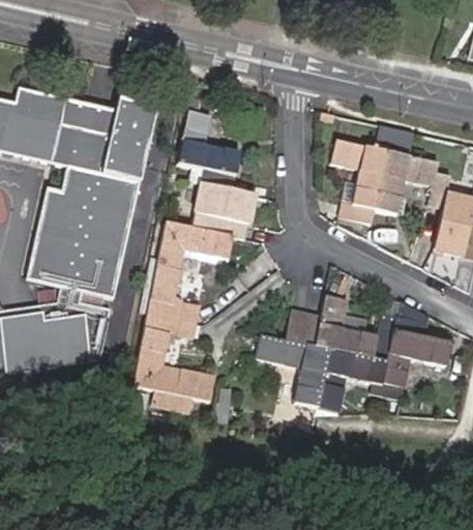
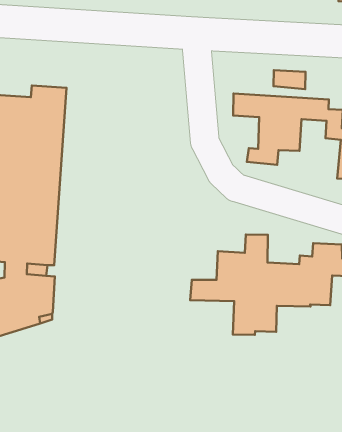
building: [134,114,258,413] -> none

